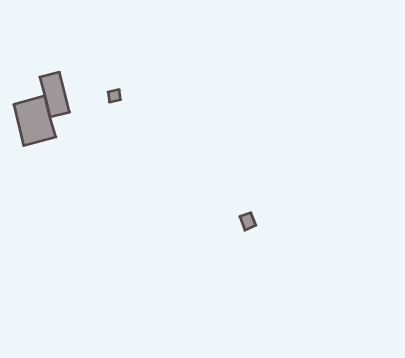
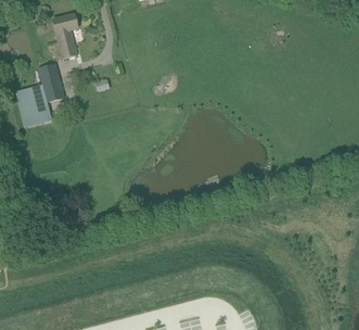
building: none -> [52,16,77,61]

